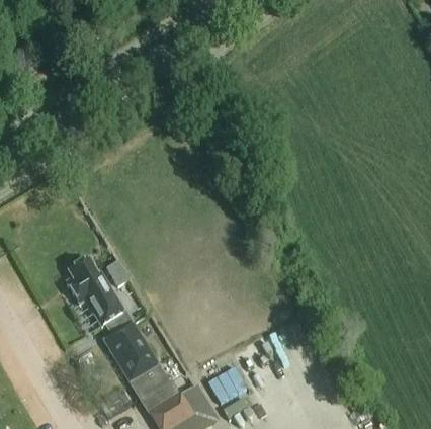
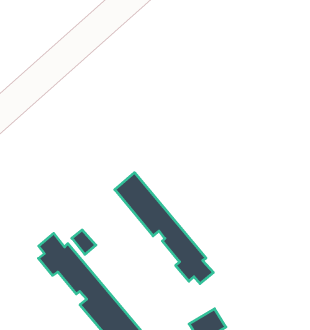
building: none -> [115,173,213,284]

